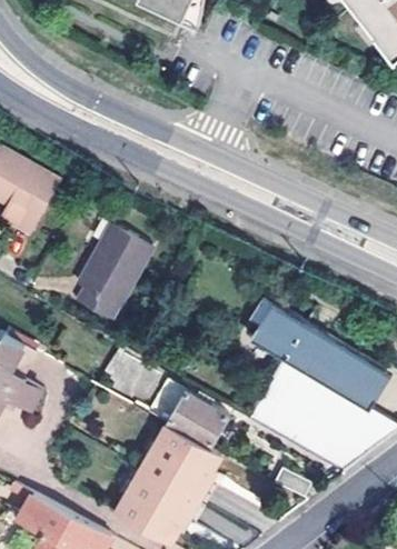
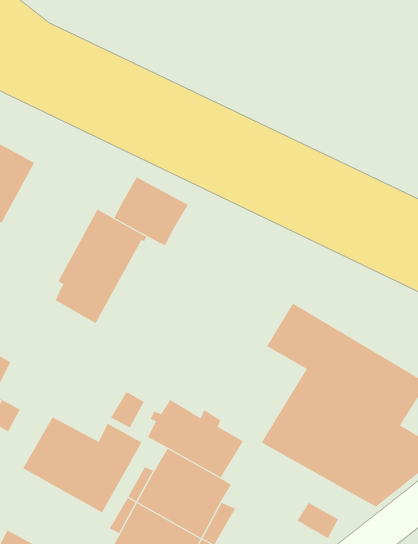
building: none -> [113,176,188,246]
building: none -> [22,417,142,513]

